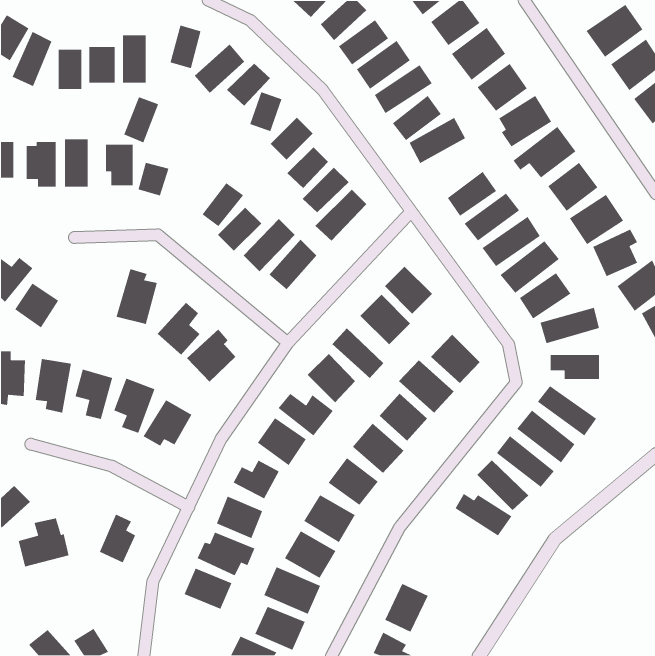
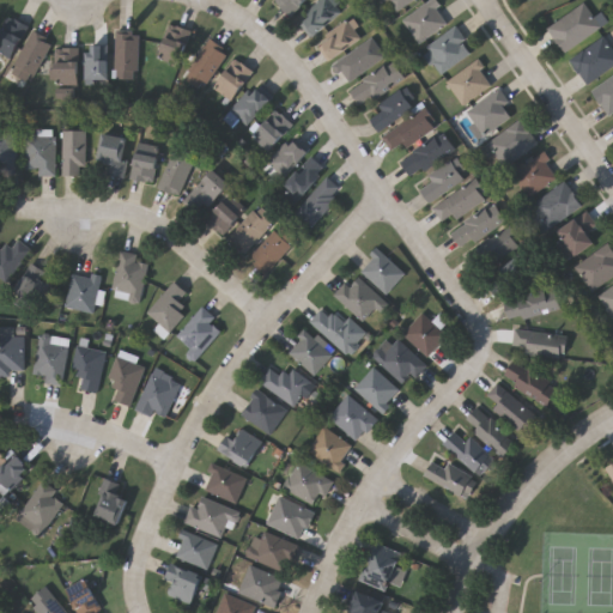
building: [123,96,159,144] -> [158,151,192,195]
building: none -> [400,129,455,178]
building: none -> [68,272,98,311]
building: none -> [165,562,204,605]

